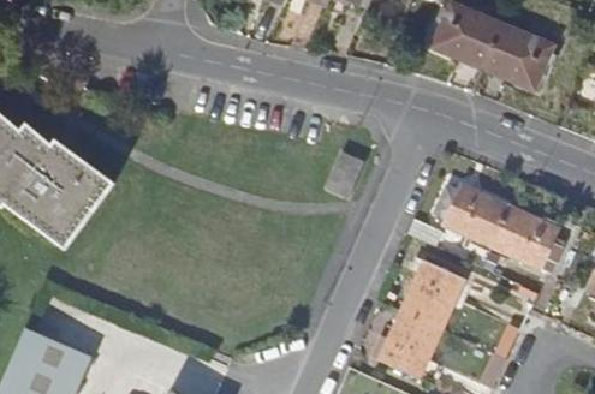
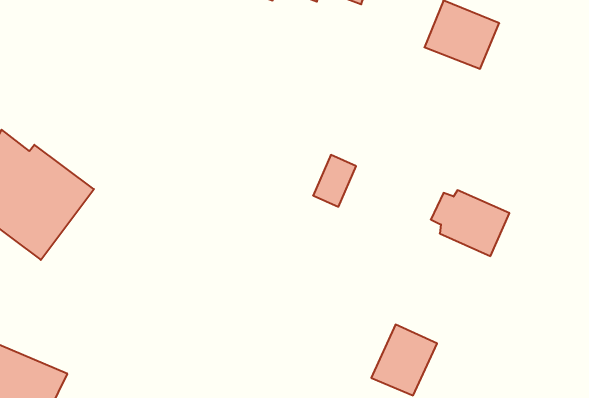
building: [482,24,552,89] -> none
building: [492,204,559,267] -> none
building: [401,262,462,328] -> none

